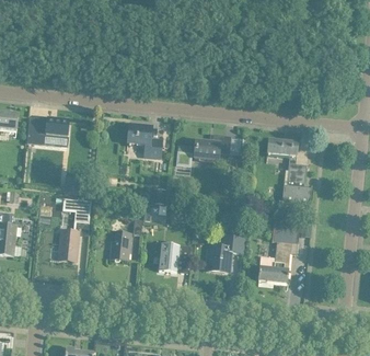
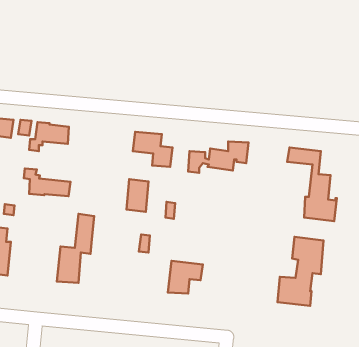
building: none -> [24,169,71,196]
building: [109,231,129,261] -> [127,179,148,212]
building: [206,236,243,271] -> none

